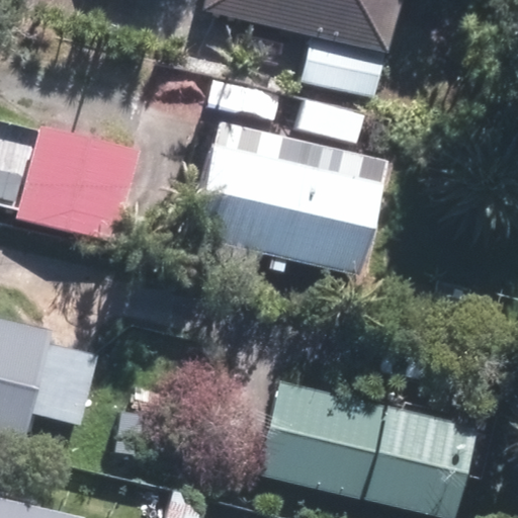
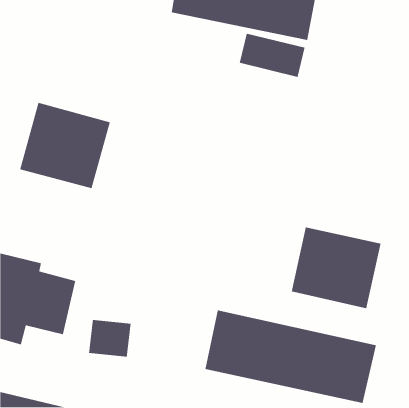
building: [190,126,383,270] -> none
building: none -> [291,227,382,309]

